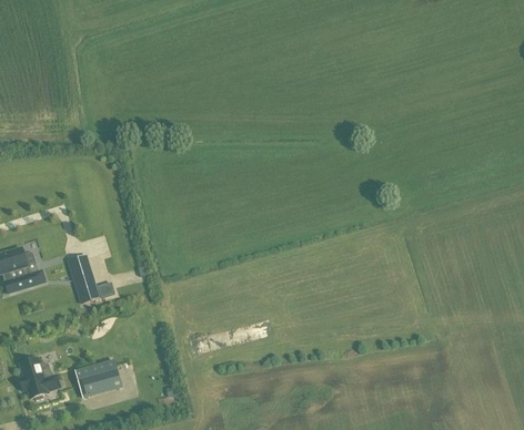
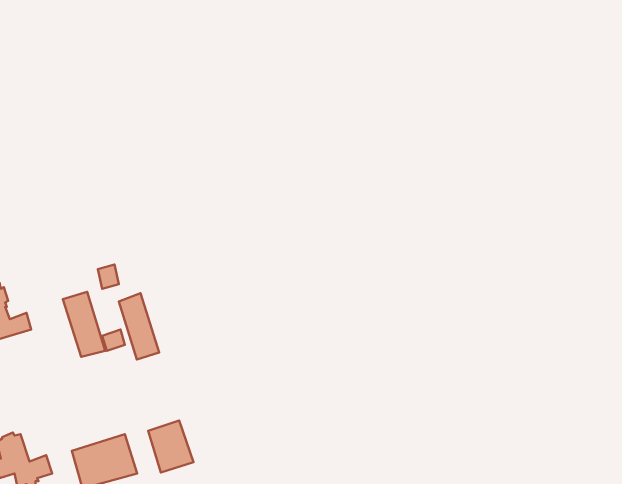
building: none -> [119,293,159,359]
building: none -> [148,421,193,472]

